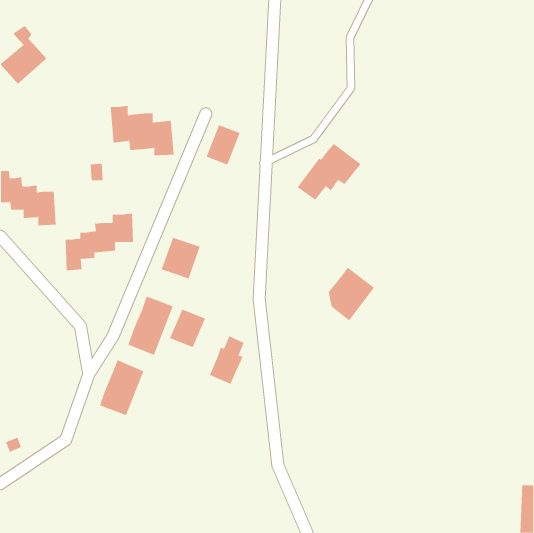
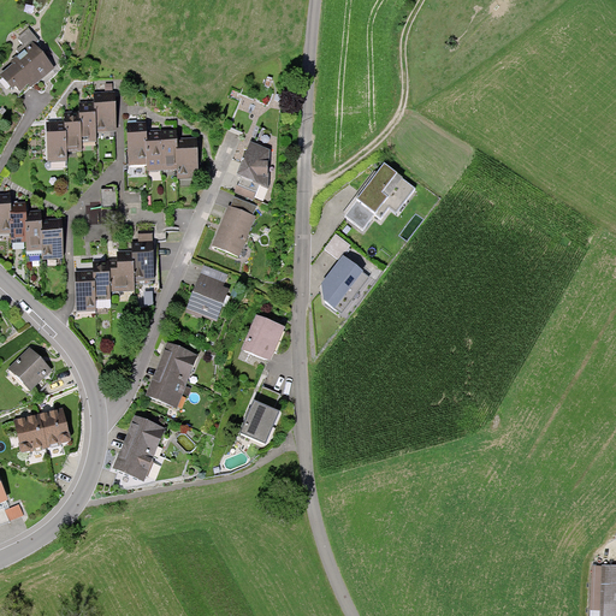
building: none -> [45,99,116,164]
building: none -> [213,205,255,256]
building: [328,267,375,321] -> [321,255,375,318]
building: none -> [10,348,53,391]
building: [169,309,206,348] -> [242,315,284,360]
building: none -> [13,409,71,452]

